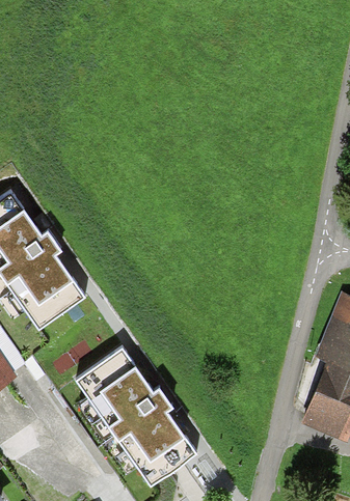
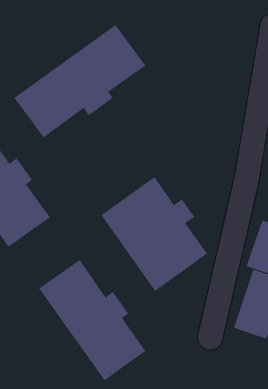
building: none -> [14,24,146,138]
building: none -> [101,176,208,292]

